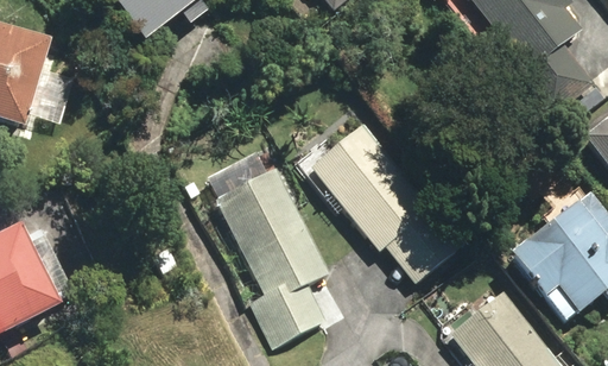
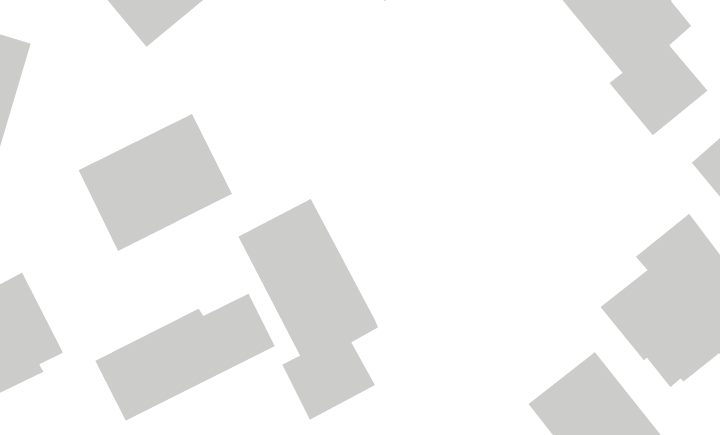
building: none -> [78,113,233,252]
building: [309,122,461,282] -> none
building: none -> [94,293,276,421]

